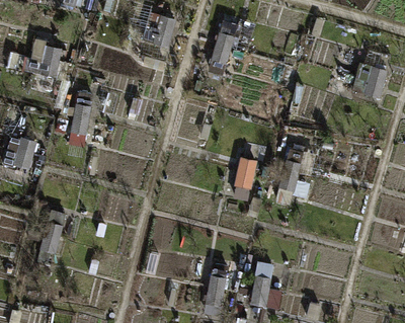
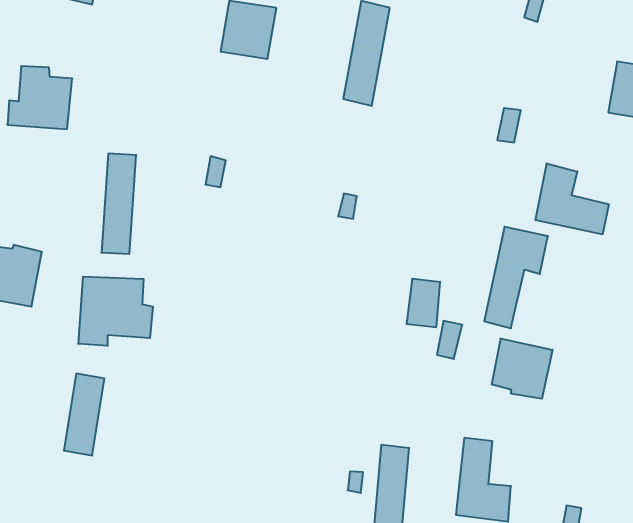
building: none -> [536,163,609,234]
building: none -> [78,277,153,346]
building: none -> [492,338,552,399]

